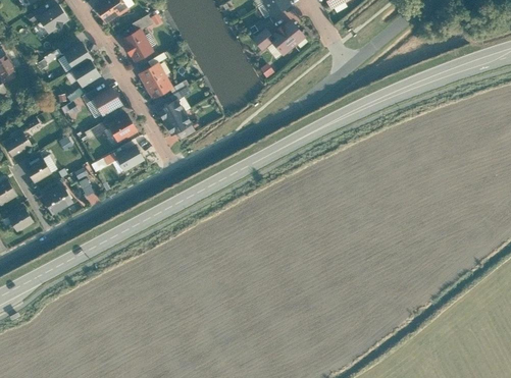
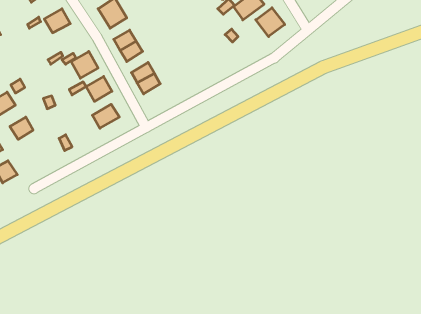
building: none -> [256,8,285,37]
building: [70,58,99,86] -> none
building: [42,186,71,214] -> none

